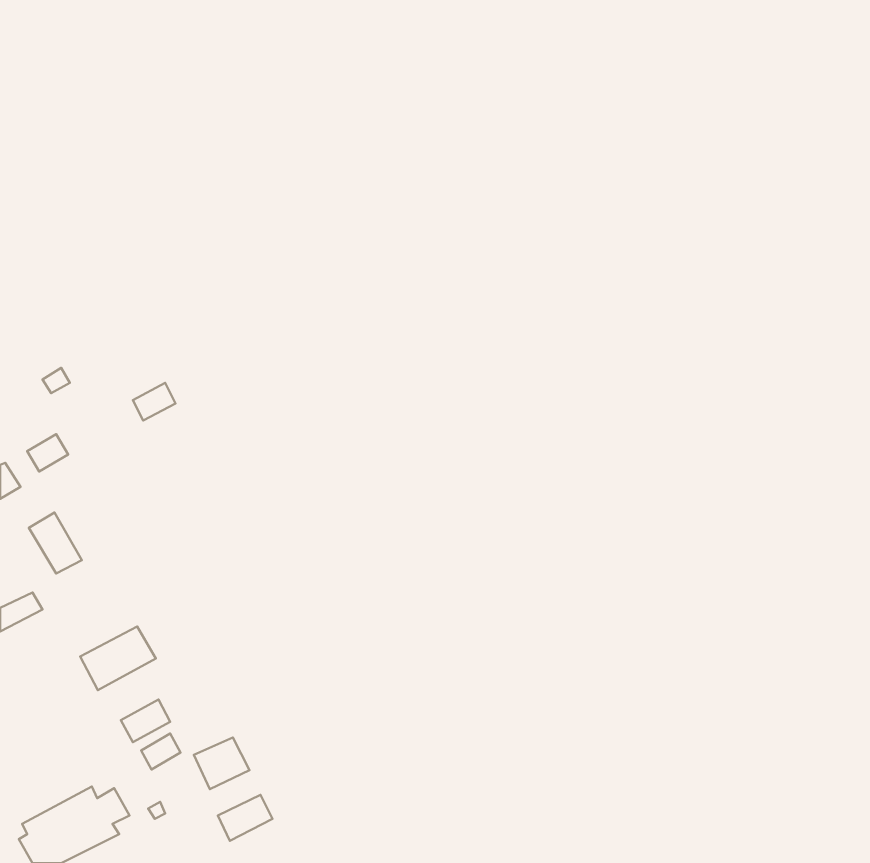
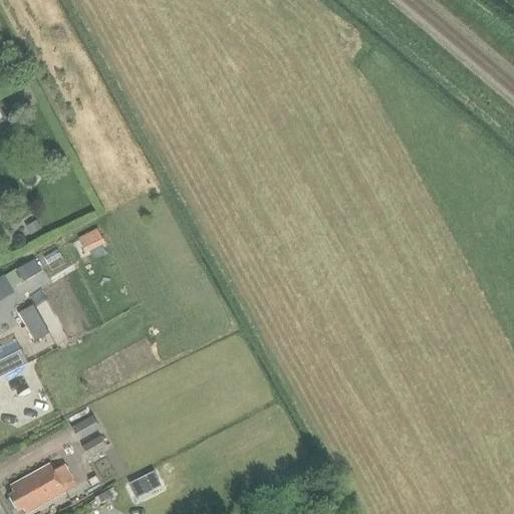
building: [80,627,156,690] -> none
building: [194,737,249,789] -> none

